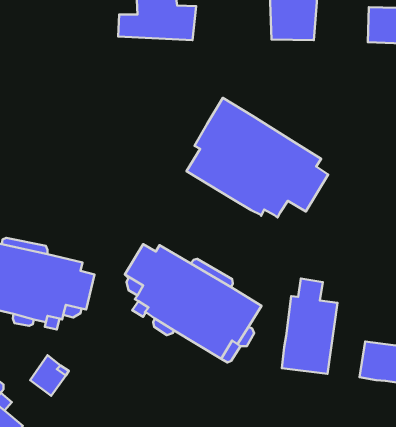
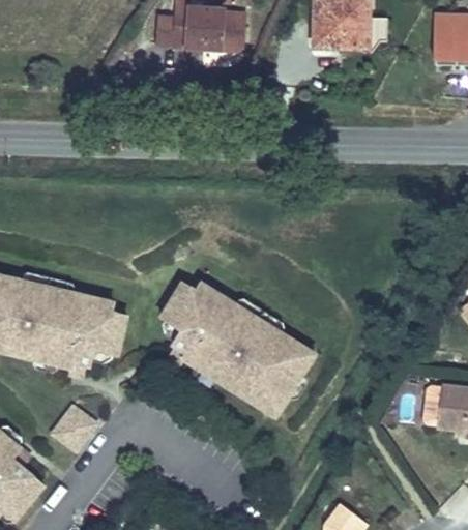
building: [186,98,328,218] -> none
building: [282,278,337,374] -> none

